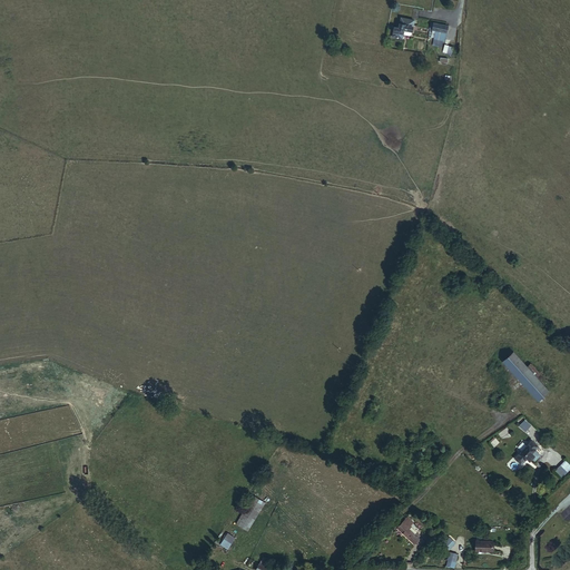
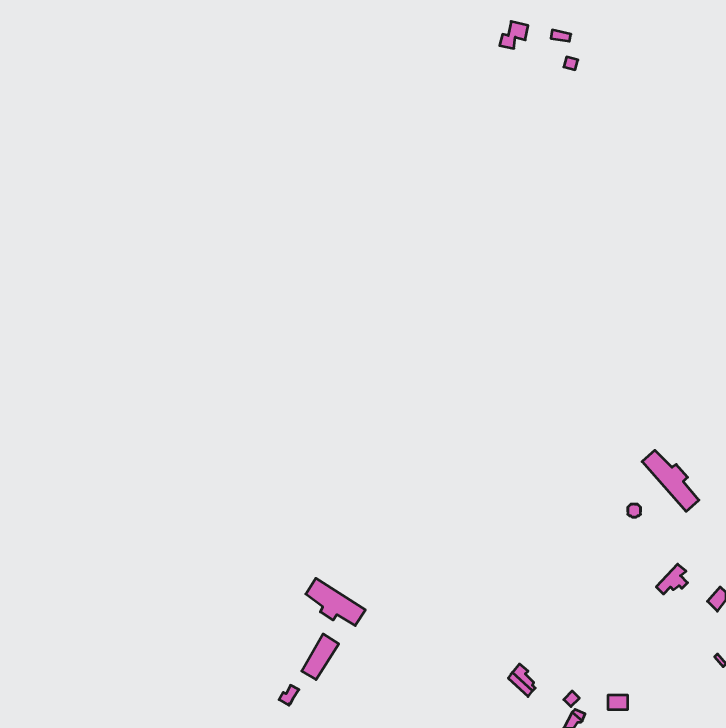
building: none -> [306,578,365,626]

